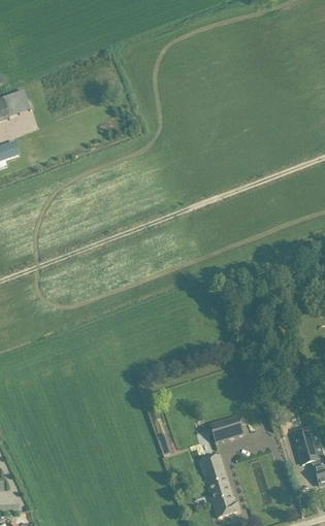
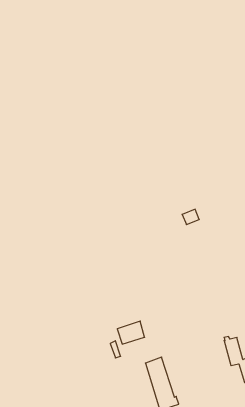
building: [210,414,243,441] -> [117,321,145,344]

